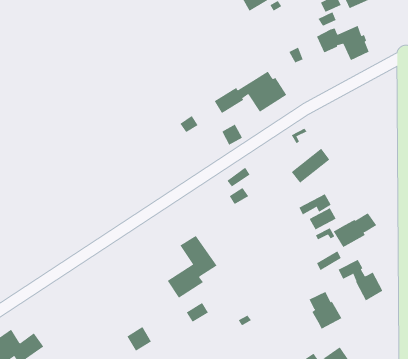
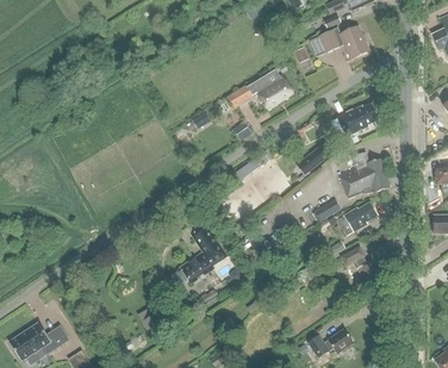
building: none -> [337,104,379,136]
building: none -> [338,152,390,199]
building: [309,291,342,329] -> none

